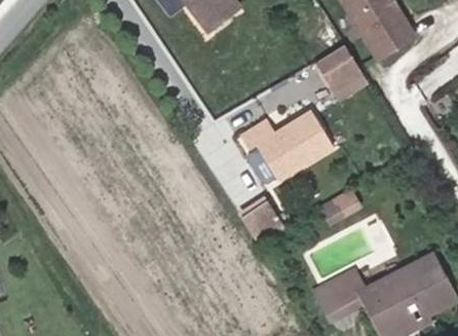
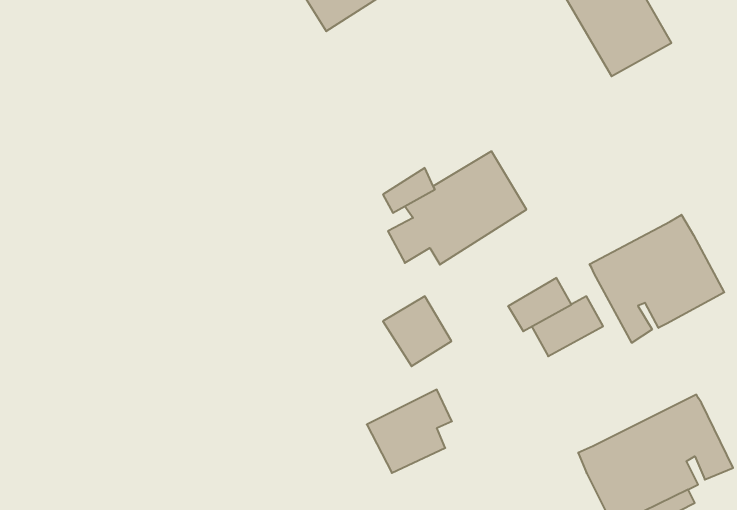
building: [319,46,360,85] -> none
building: none -> [590,215,724,343]
building: [314,268,367,320] -> [367,390,452,473]

